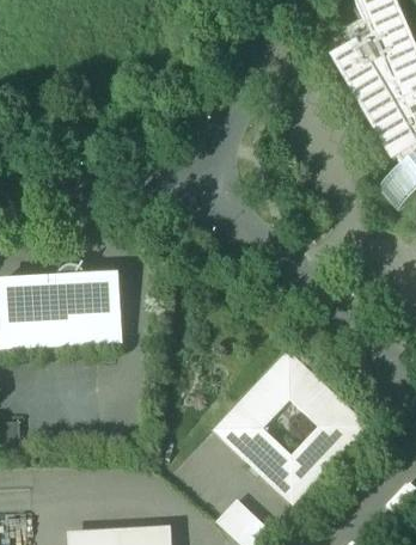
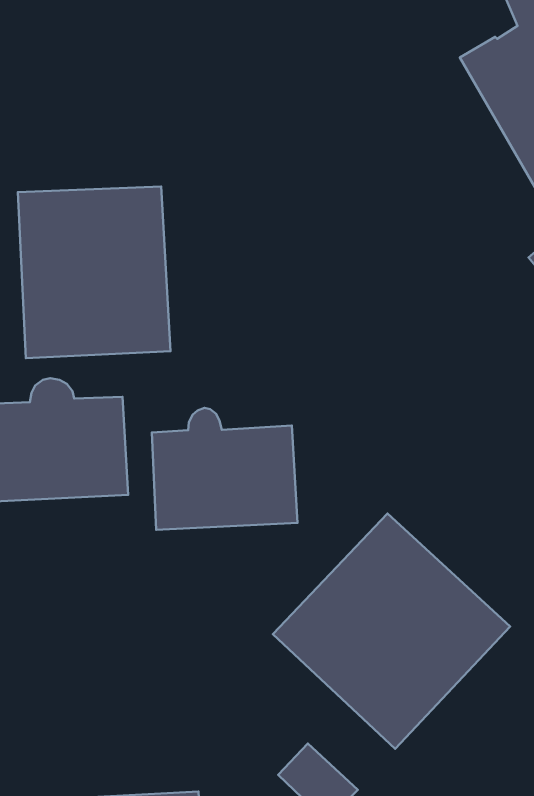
building: none -> [18,186,170,358]
building: none -> [152,408,297,530]

